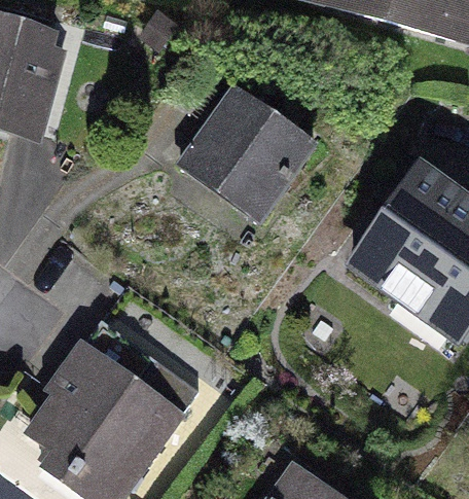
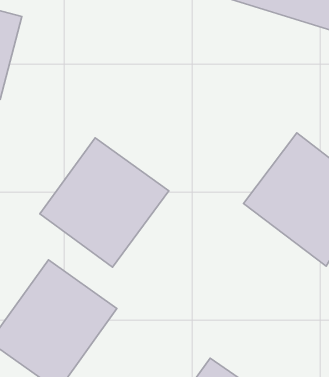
building: [193,84,326,215] -> none
building: none -> [40,138,169,267]

